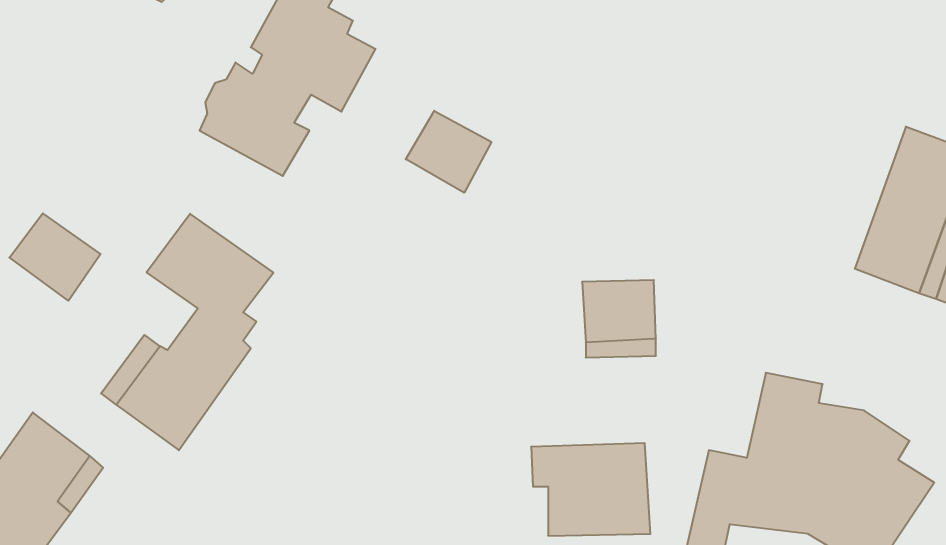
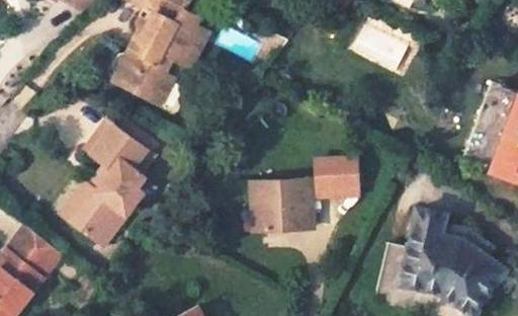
building: [406,111,491,193] -> none
building: [9,213,101,301] -> none
building: [531,443,650,536] -> [250,180,314,230]

